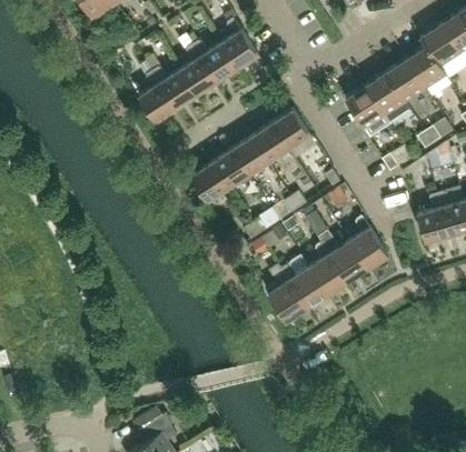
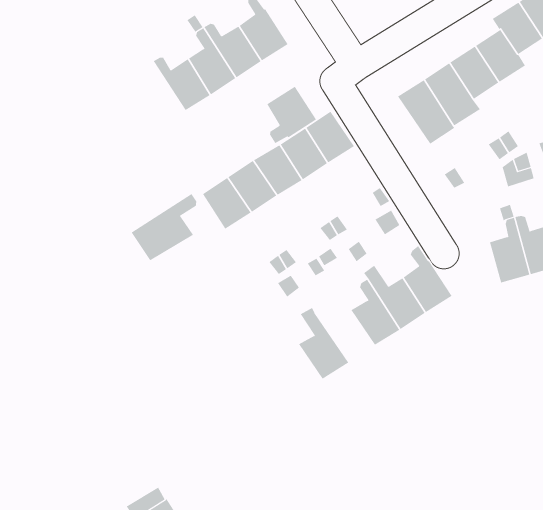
building: [139,71,178,124] -> none
building: none -> [267,86,317,144]
building: none -> [131,193,197,261]
building: [280,255,327,308] -> none

